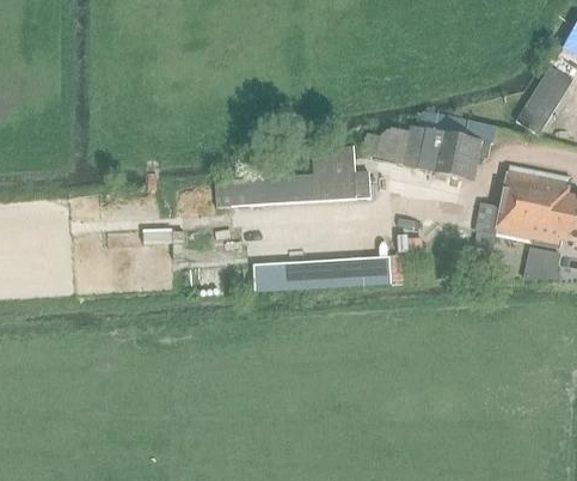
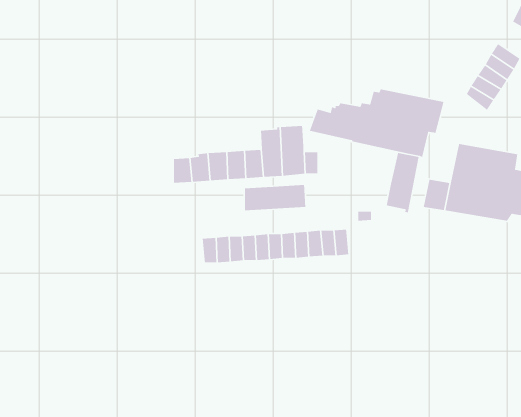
building: none -> [386,152,419,213]
building: none -> [244,184,306,211]
building: [526,245,561,278] -> none

